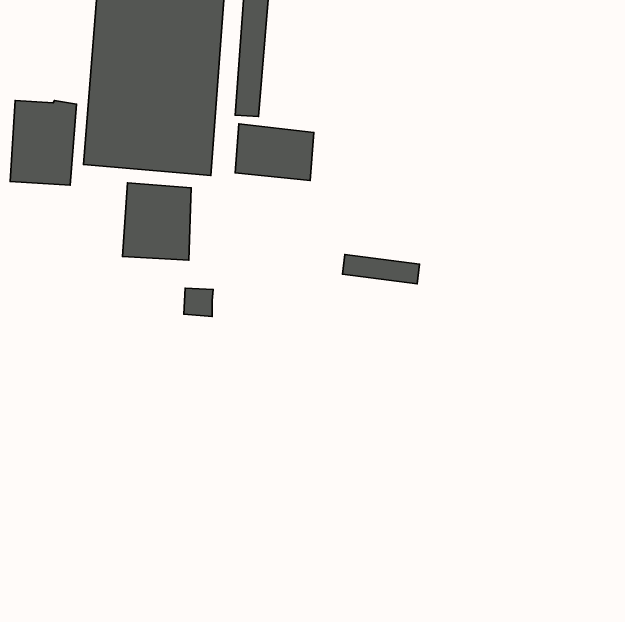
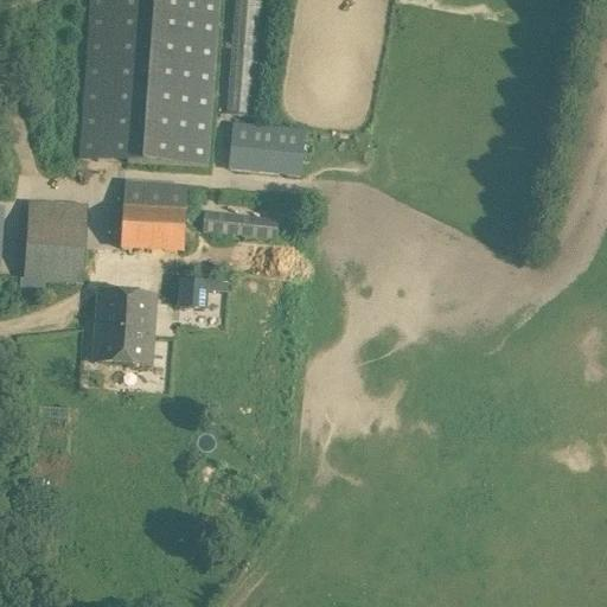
building: [10,100,76,185] -> [24,199,88,281]
building: [342,254,420,284] -> [204,211,279,239]
building: none -> [96,294,153,359]

